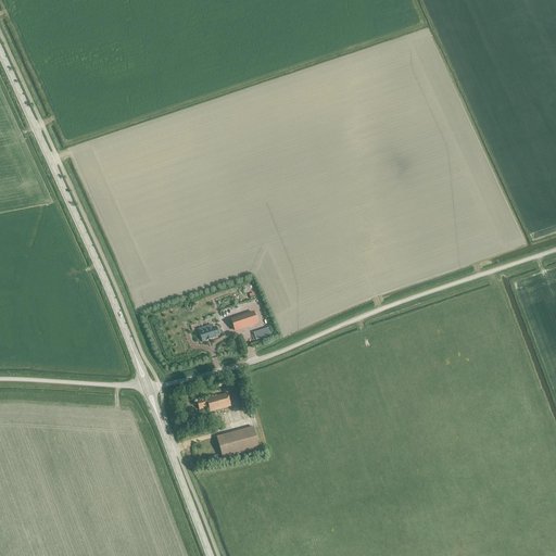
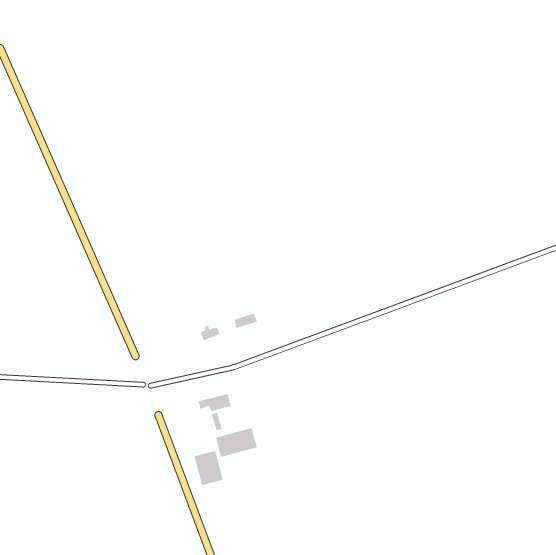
building: none -> [194,450,224,486]

